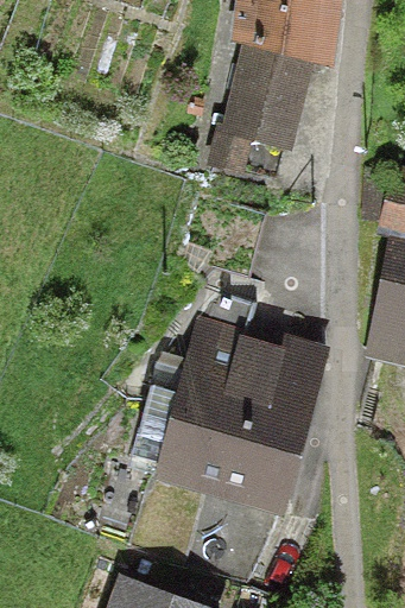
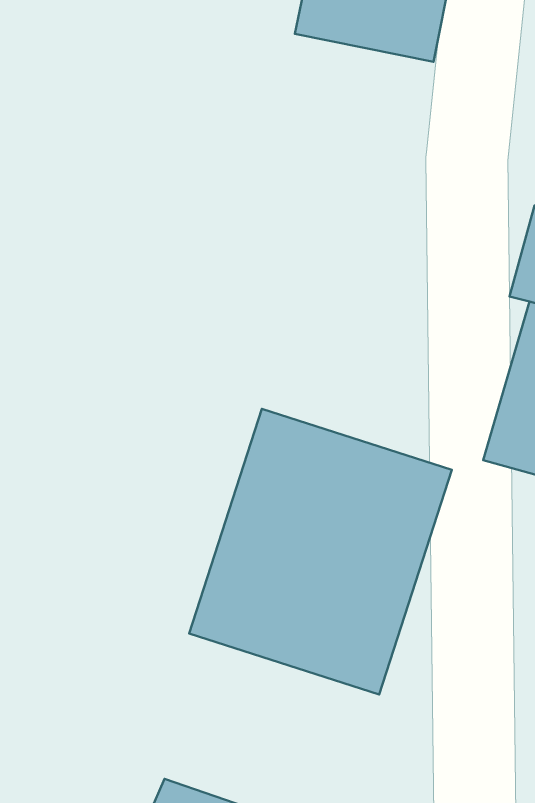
building: [219,49,310,148] -> none

